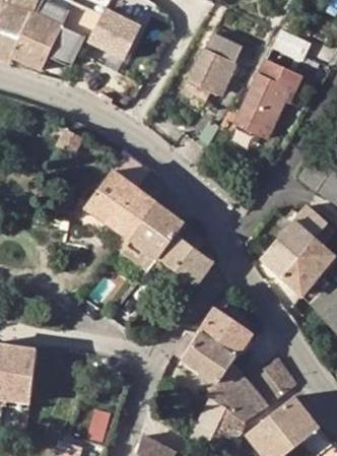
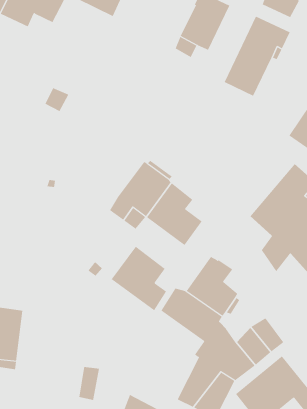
building: [84,154,155,238] -> none
building: none -> [111,246,167,311]

